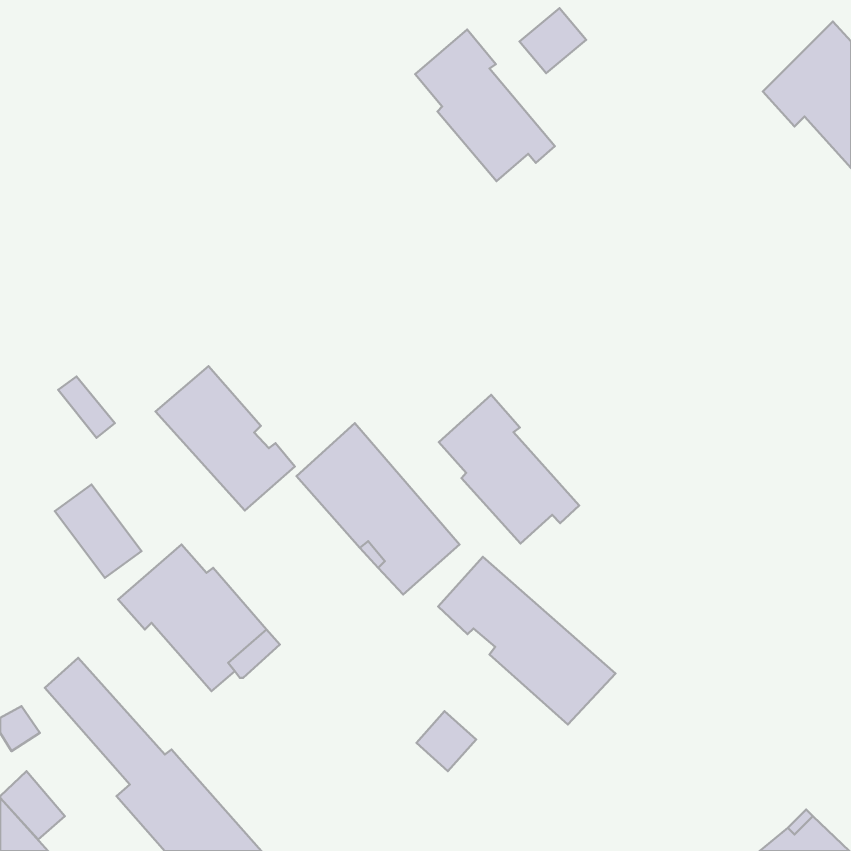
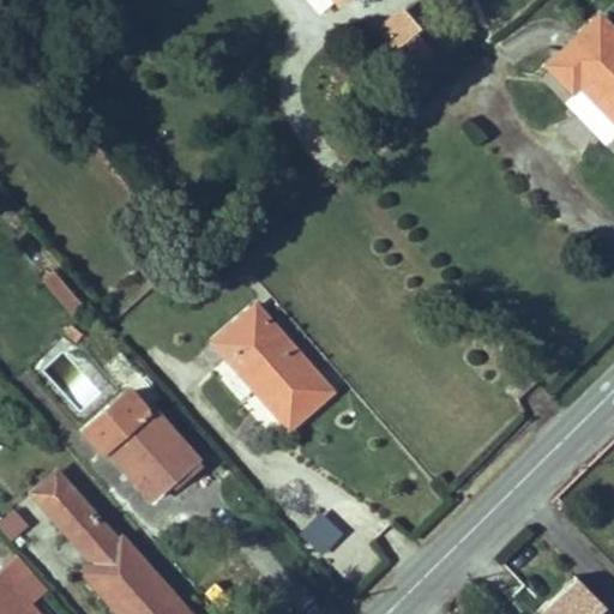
building: [415,30,555,181] -> none
building: [156,366,295,510] -> none
building: [439,395,579,544] -> none
building: [438,557,616,725] -> none

